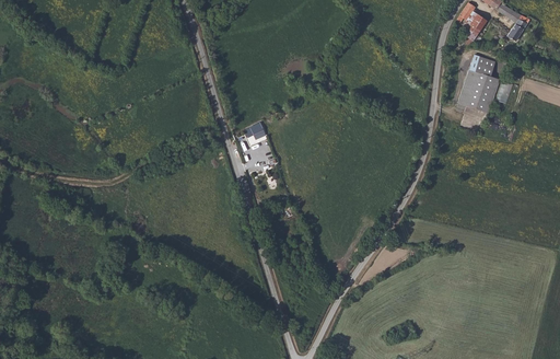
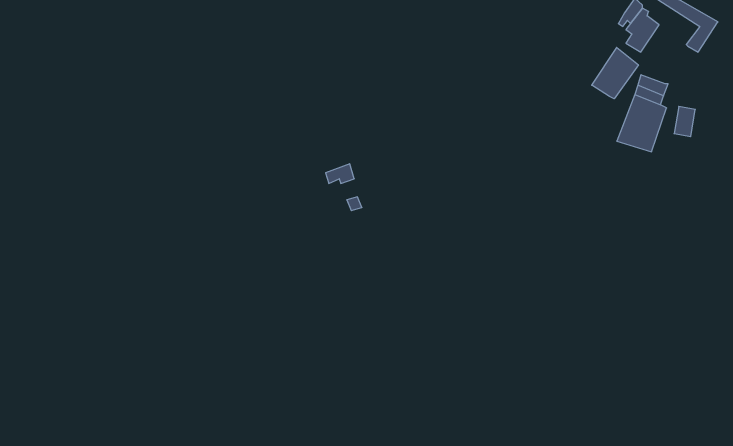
building: none -> [592,47,638,99]

